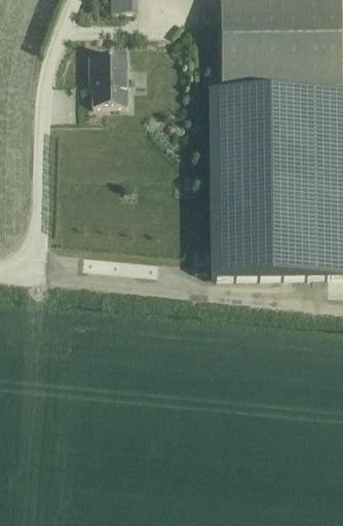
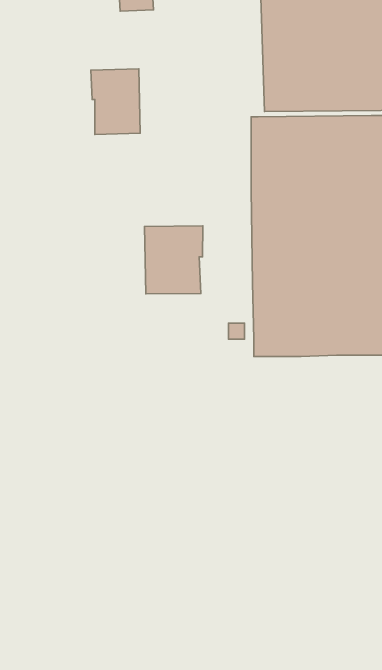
building: none -> [144,226,203,294]

